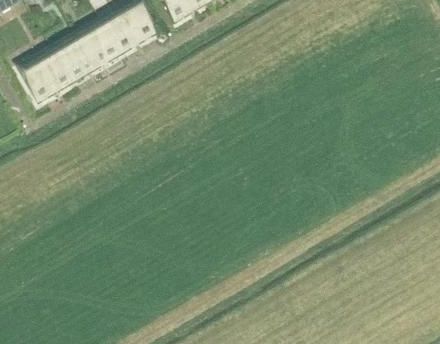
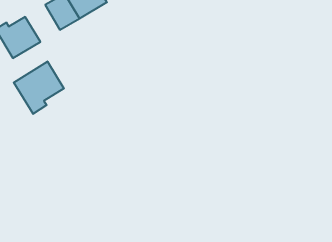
building: [54,35,97,81] -> none
building: none -> [14,61,64,114]

